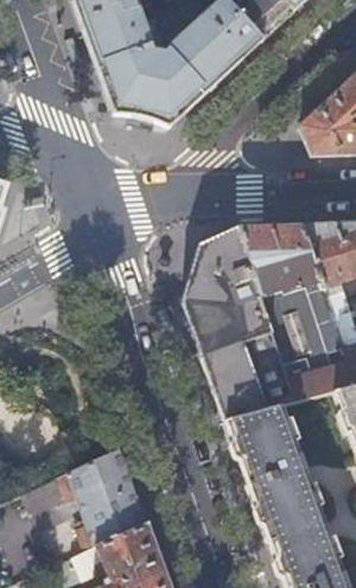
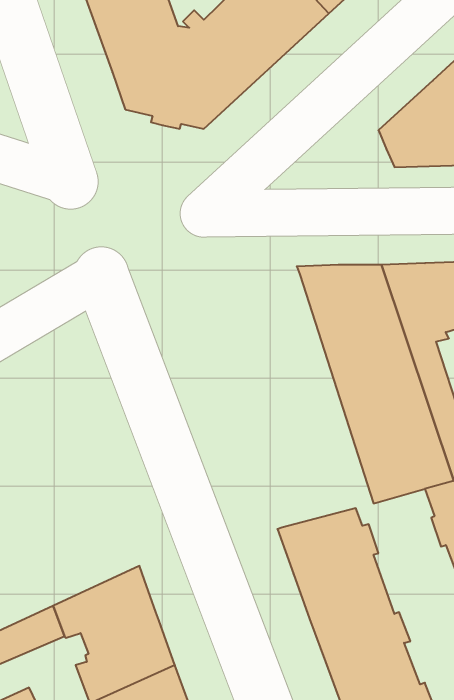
building: [183,231,294,418] -> none

